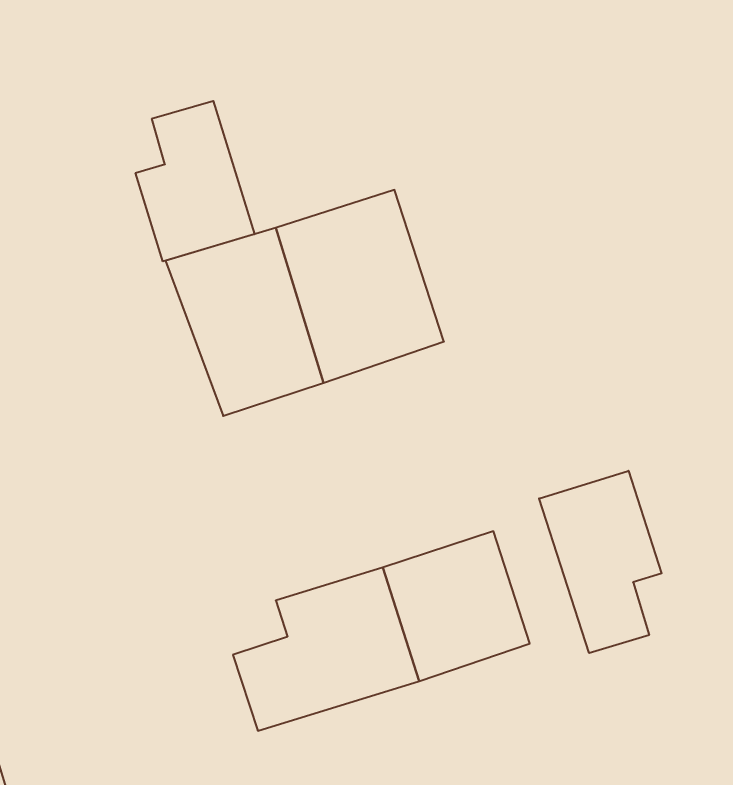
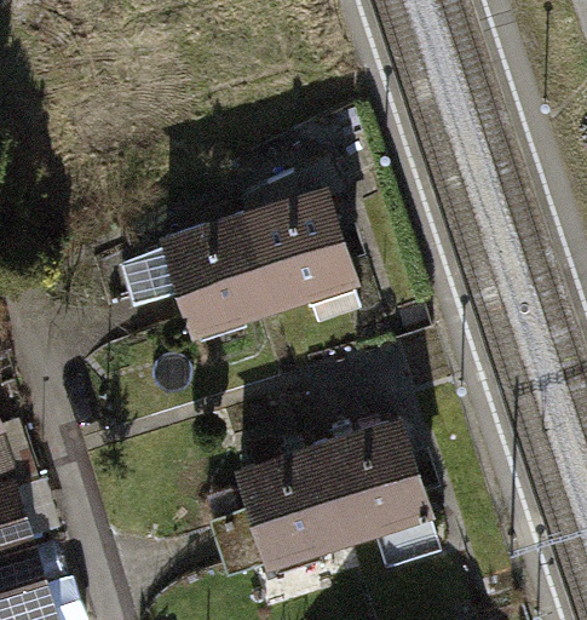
building: [136,101,255,261] -> none
building: [539,471,662,653] -> none

